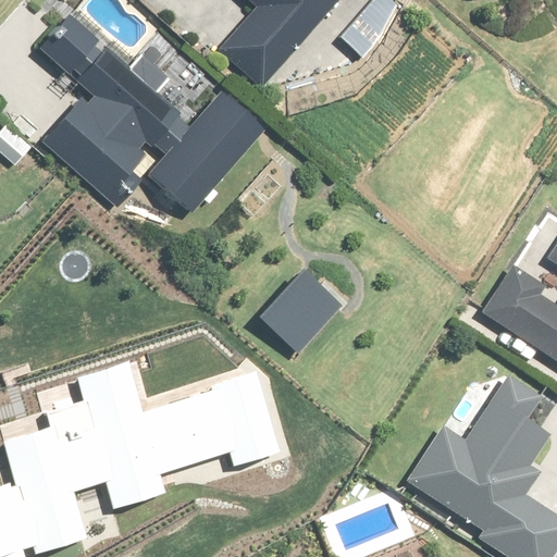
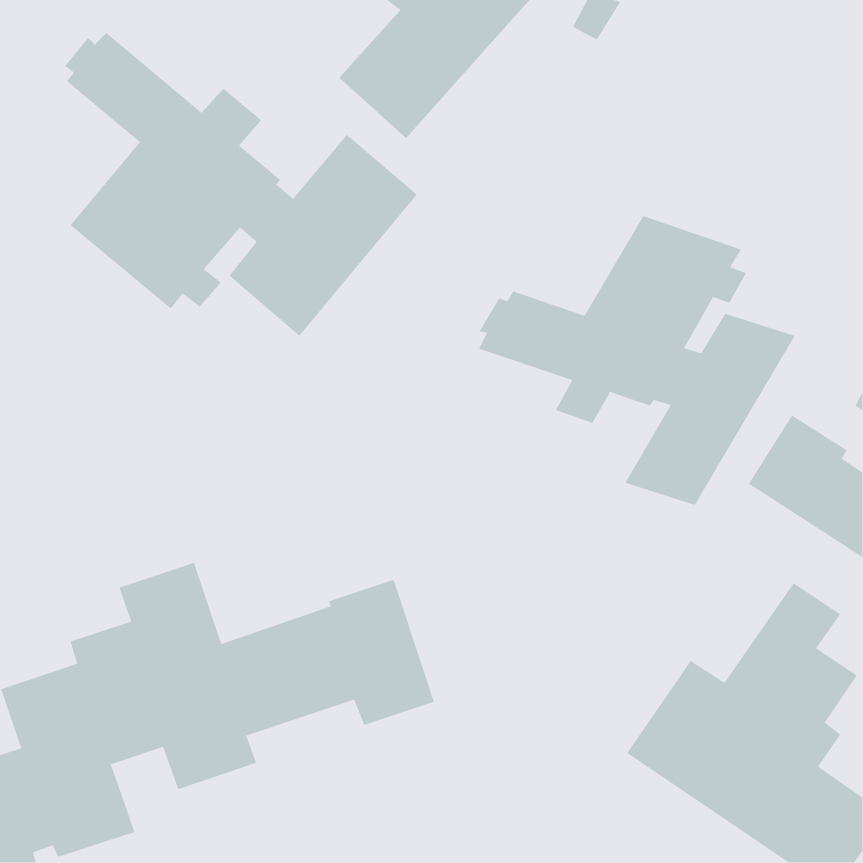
building: none -> [478,215,796,506]
building: [258,269,342,352] -> none

